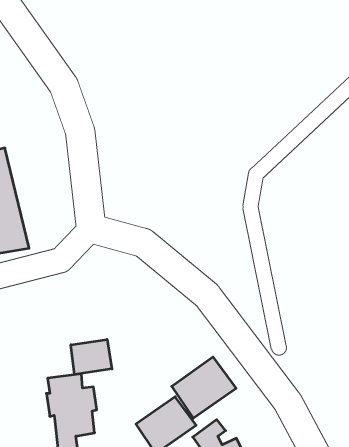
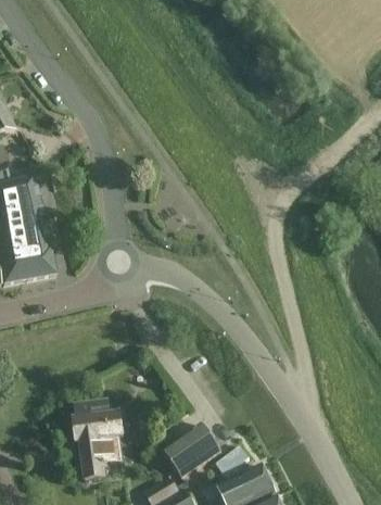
building: [71,339,112,374] -> none
building: [172,357,236,418] -> none

